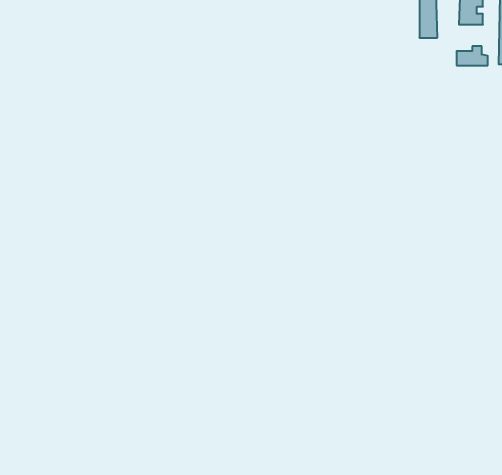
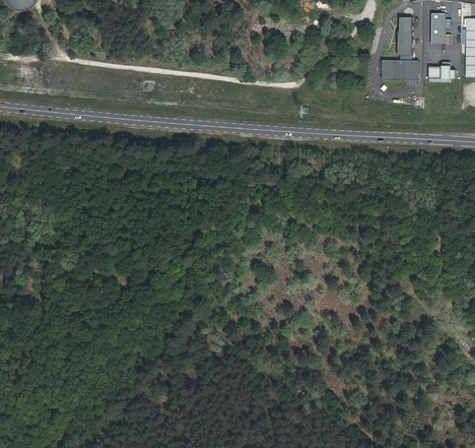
building: none -> [380,59,417,78]

